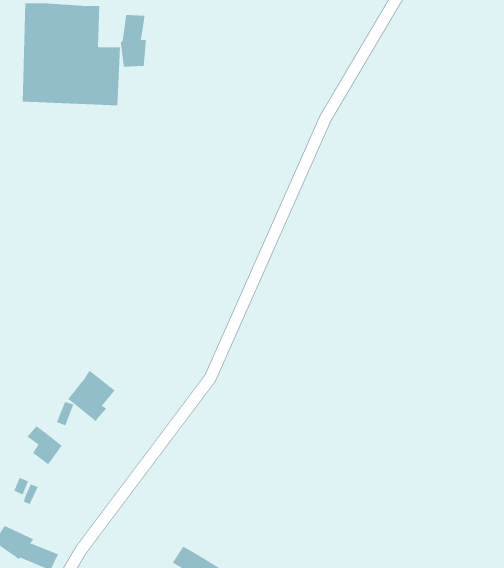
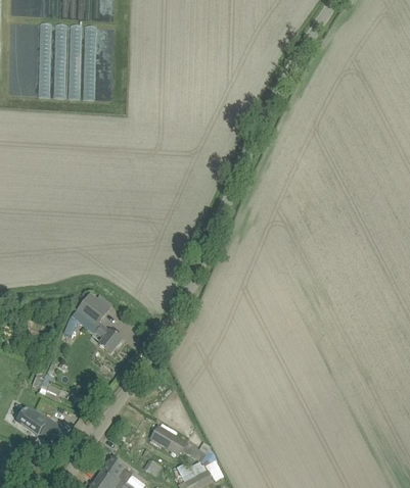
building: [120,14,147,68] -> none
building: [27,425,62,465] -> [95,323,122,352]

